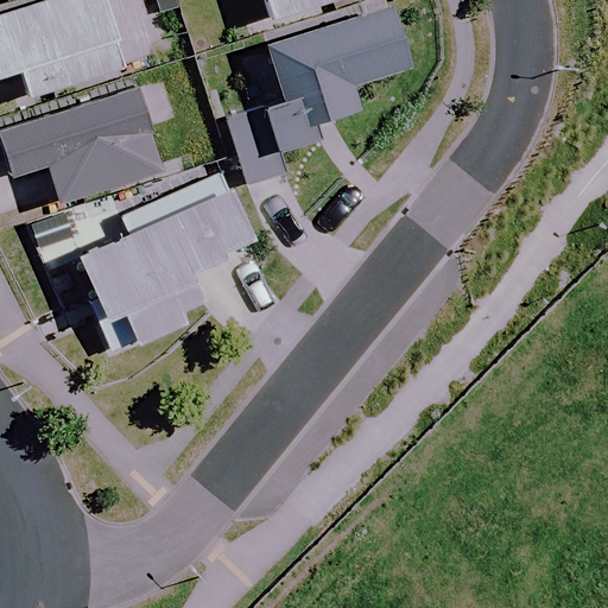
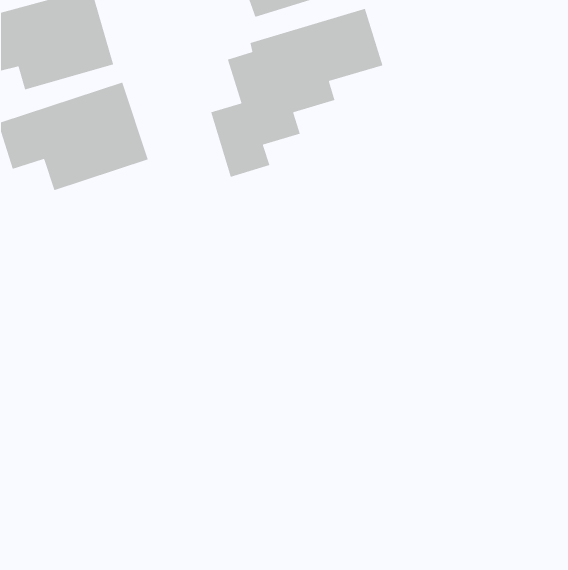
building: [81,171,253,352] -> none

